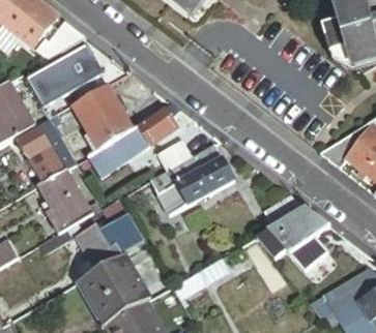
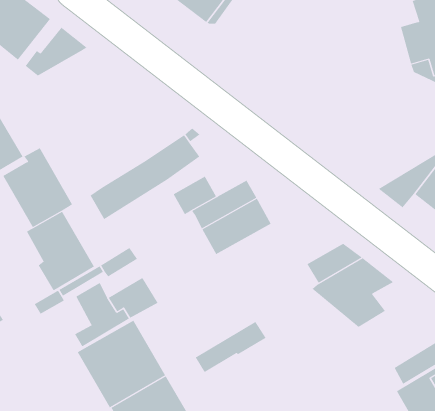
building: [23,40,98,96] -> none
building: [70,84,133,150] -> none
building: [150,171,189,214] -> none

